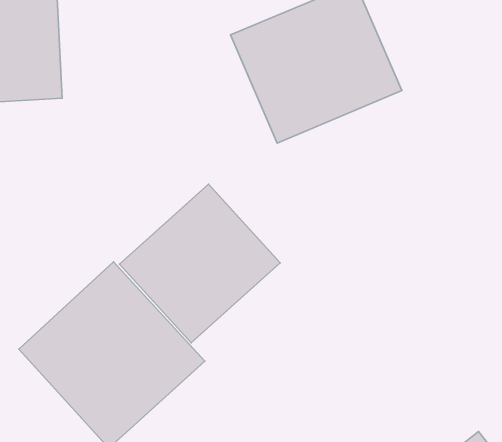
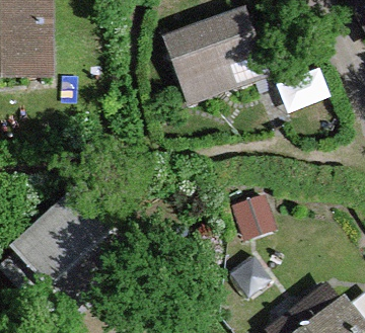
building: [120,184,280,343] -> none

